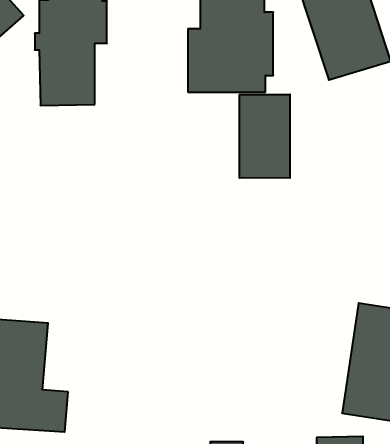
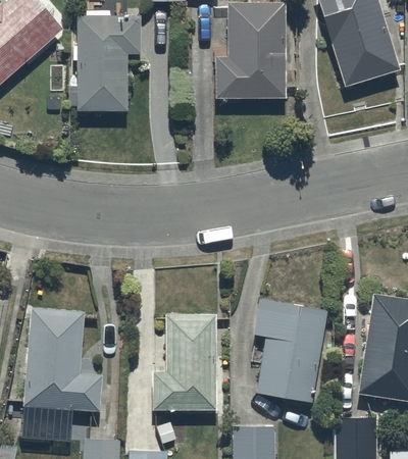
building: [239,94,290,178] -> none
building: none -> [251,298,325,404]
building: none -> [142,314,215,413]

